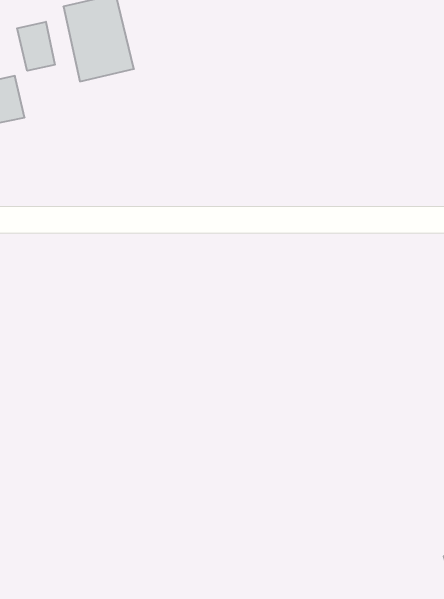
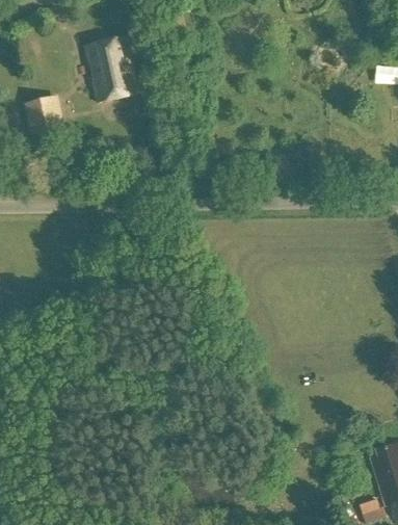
building: [17,22,55,71] -> none

